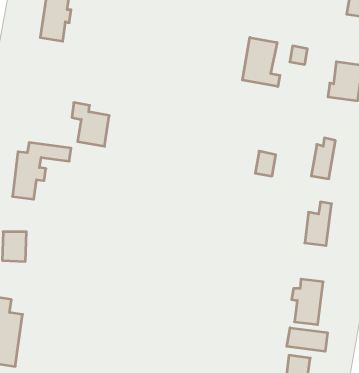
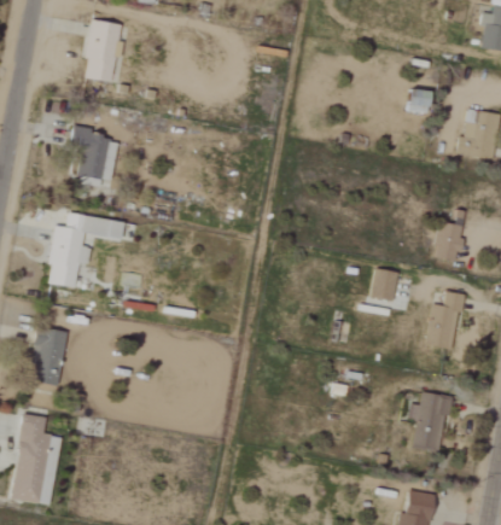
building: [242,37,280,87] -> none
building: [72,103,109,146] -> [70,124,118,181]
building: [255,151,276,176] -> [372,268,398,301]
building: [287,328,327,351] -> none

